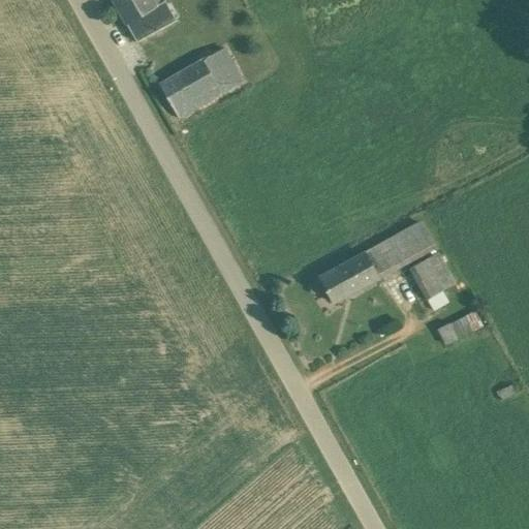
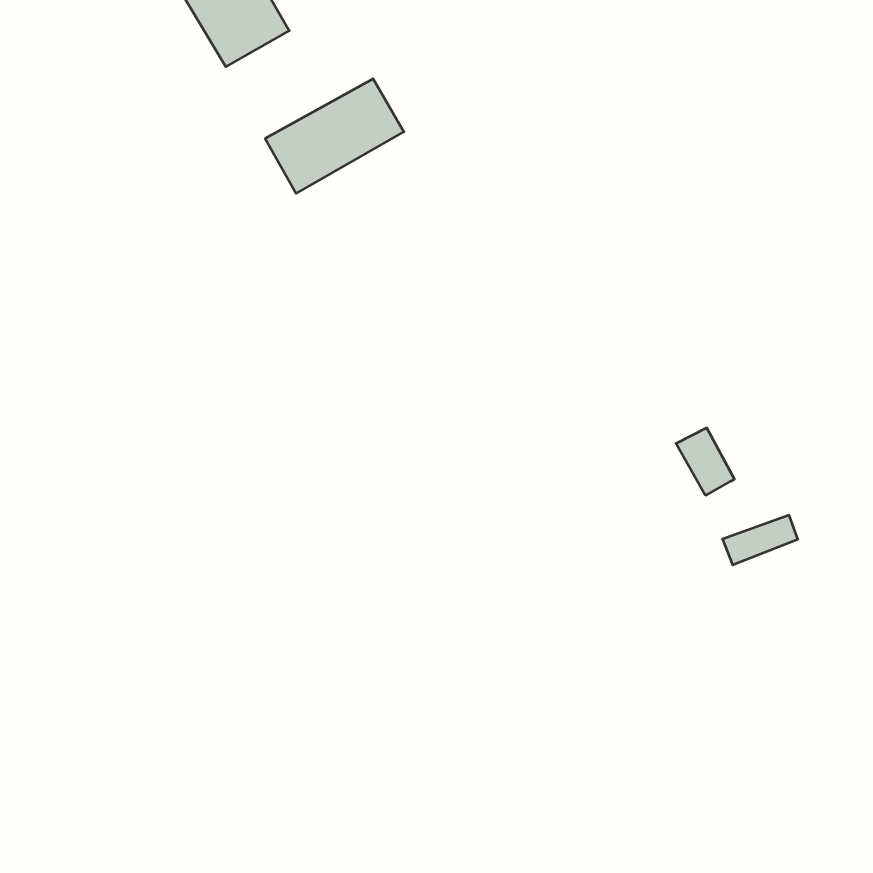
building: [320,220,435,302] -> none

